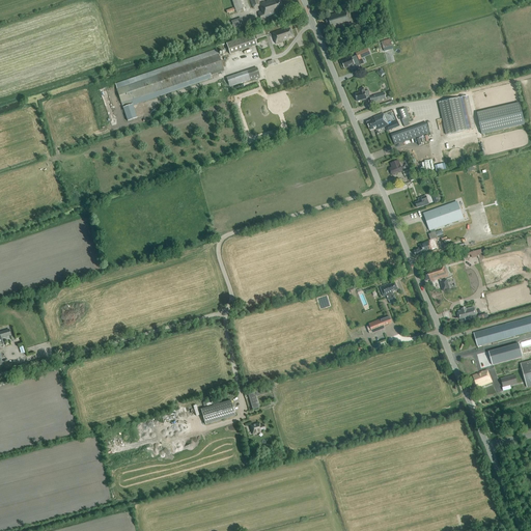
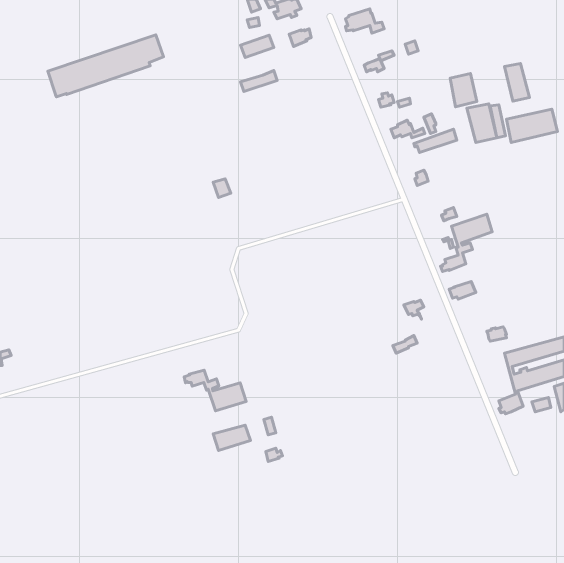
building: [115,49,224,107] -> [48,35,164,97]
building: none -> [504,63,530,101]
building: none -> [450,73,477,107]
building: none -> [184,370,246,411]

